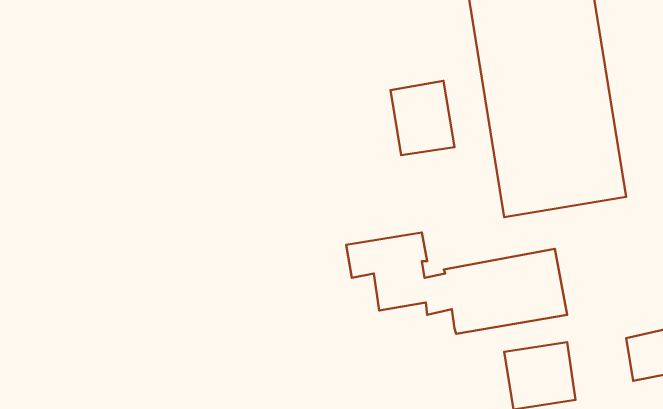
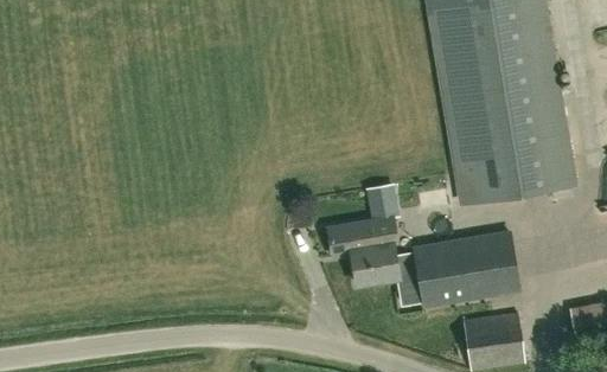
building: [391,81,454,155] -> none
building: none -> [370,186,402,218]

